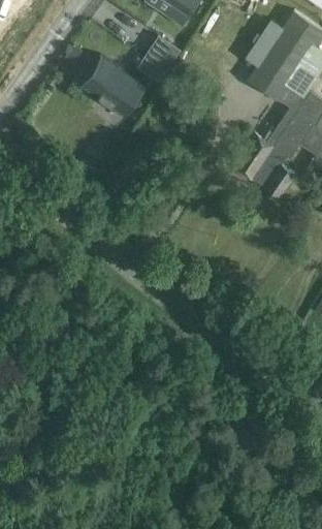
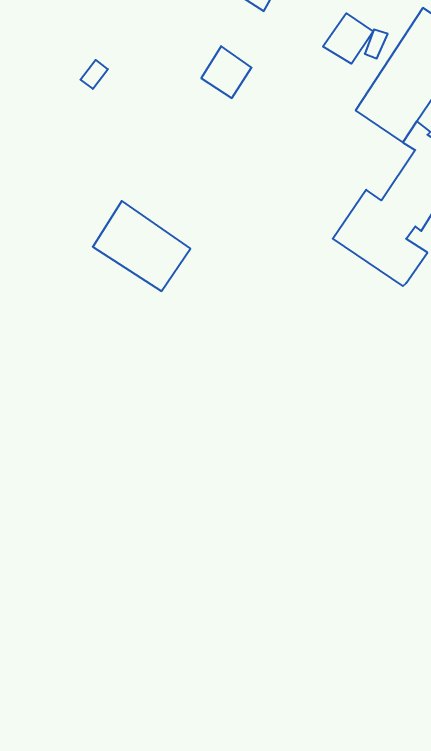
building: none -> [323,13,373,64]
building: [80,56,147,117] -> [93,201,190,291]

